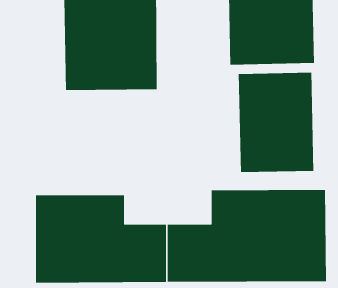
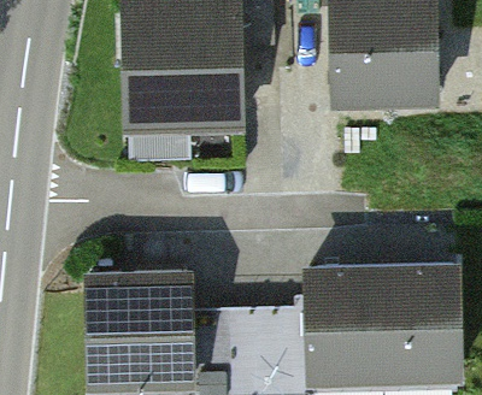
building: [238,72,314,173] -> none

